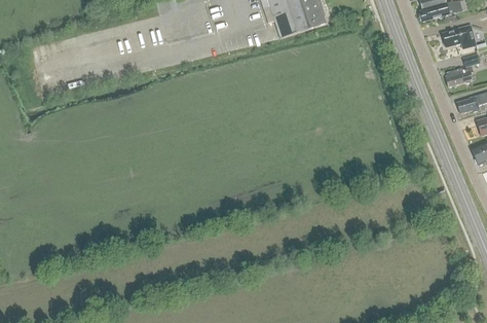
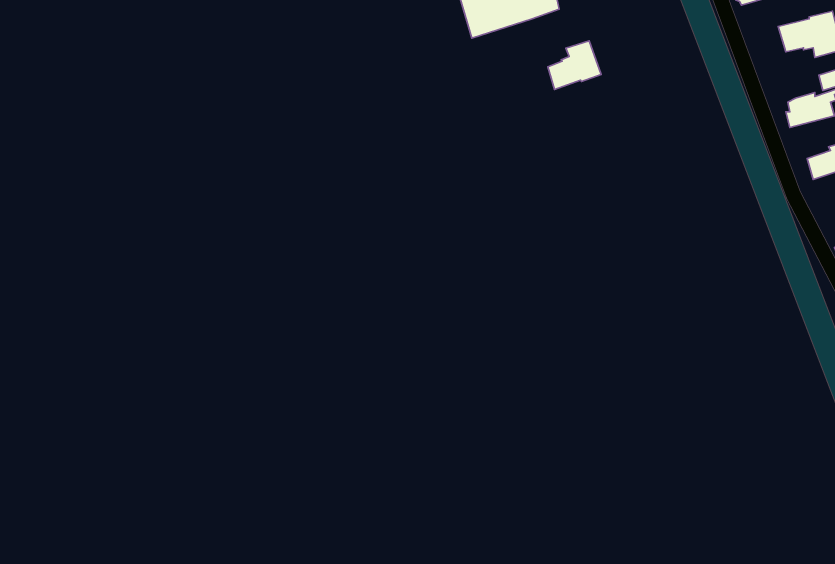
building: none -> [548,41,601,90]

